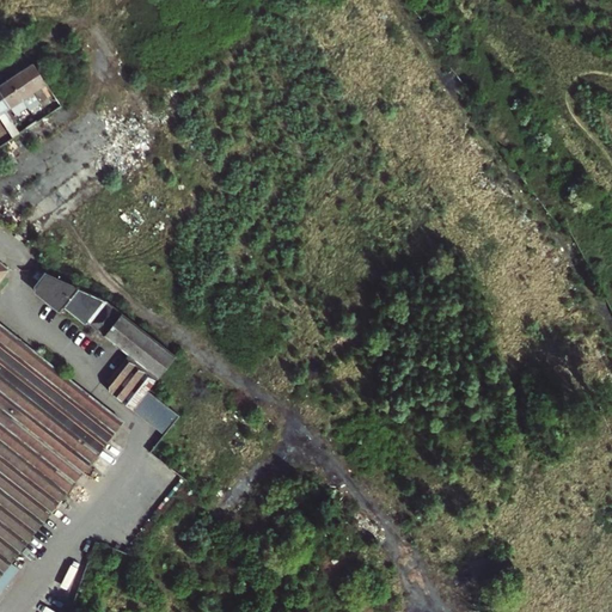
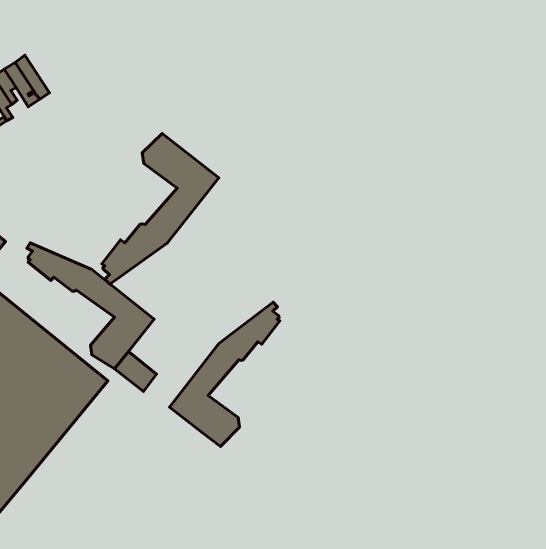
building: none -> [102,134,219,284]
building: none -> [169,302,280,446]

